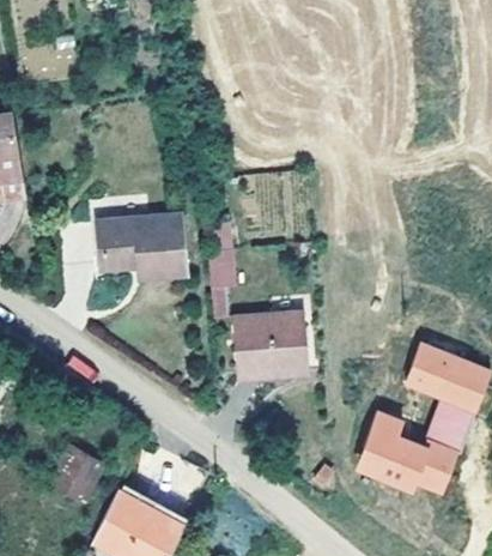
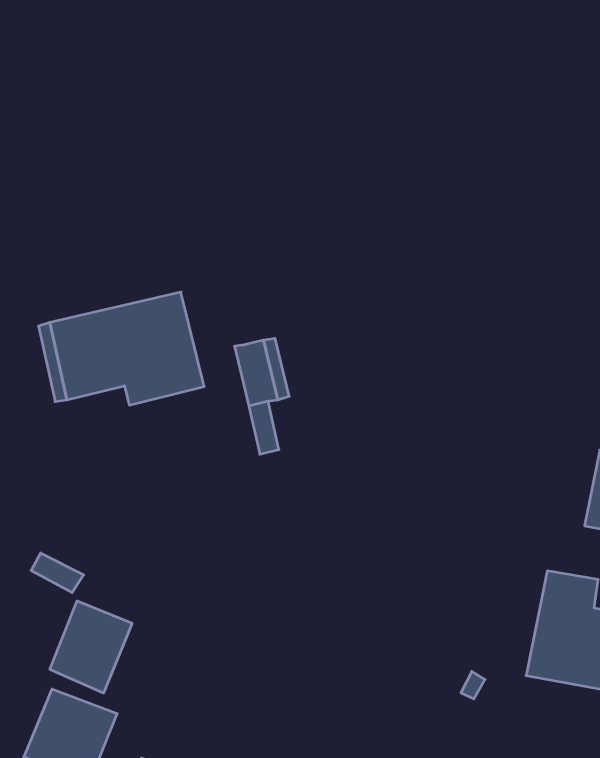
building: [231,310,309,375] -> none
building: none -> [50,601,132,693]

